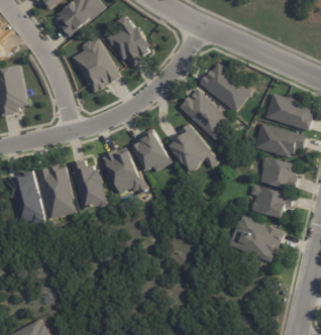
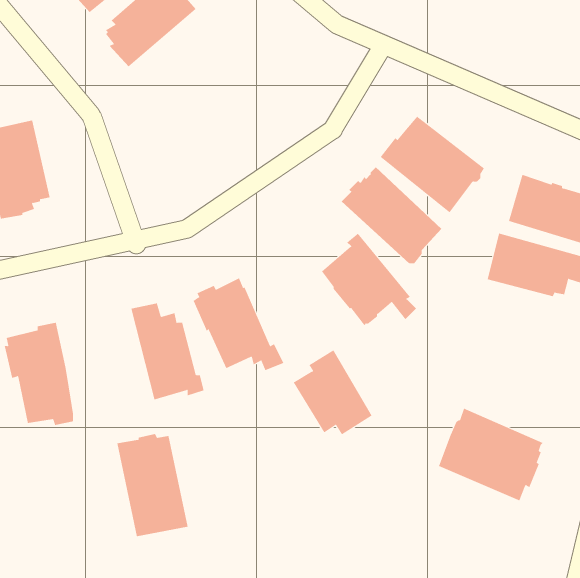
building: [106,15,150,67] -> none
building: [73,36,120,93] -> none
building: [131,127,173,172] -> [293,349,373,435]
building: [259,157,298,190] -> none
building: [36,164,74,218] -> [117,434,189,537]
building: [249,185,294,219] -> none

